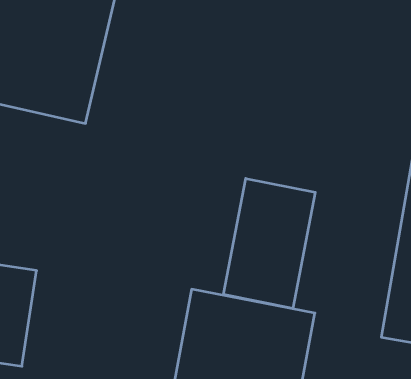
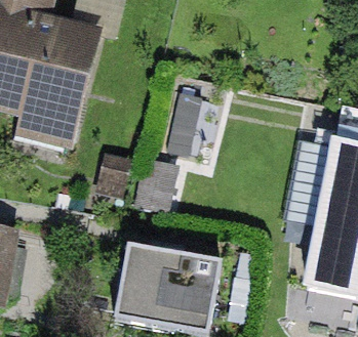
building: [223,178,315,308] -> none

